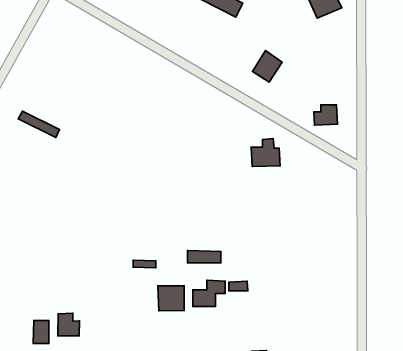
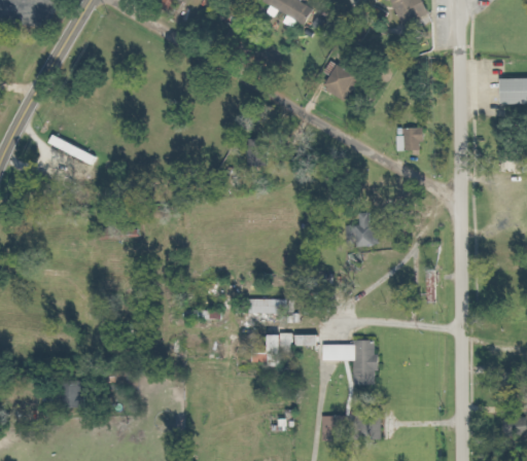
building: [251,139,280,167] -> [344,213,378,246]
building: none -> [322,340,380,385]
building: [158,286,184,311] -> none
building: [58,313,79,336] -> none

